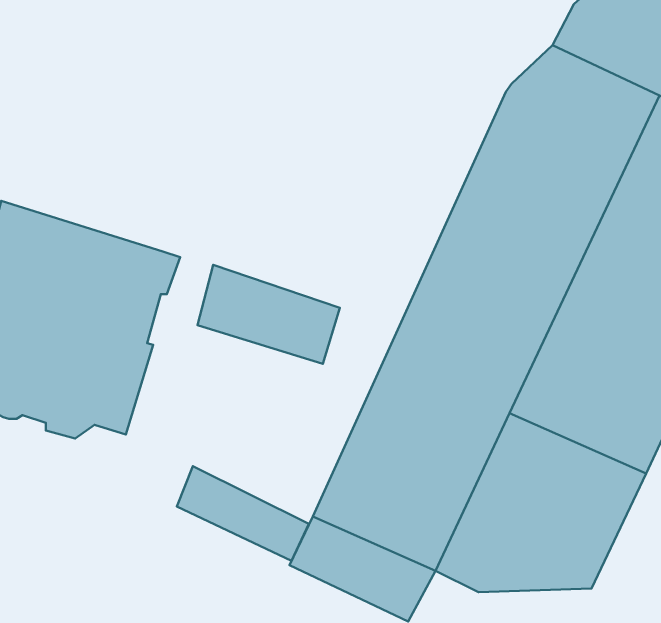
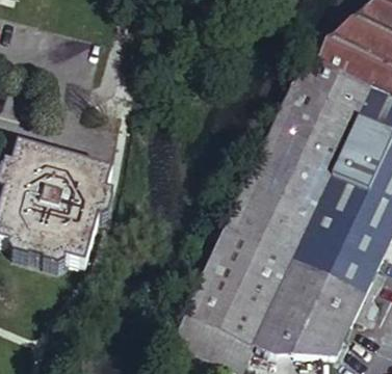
building: [197,265,340,364] -> none
building: [177,466,309,561] -> none

